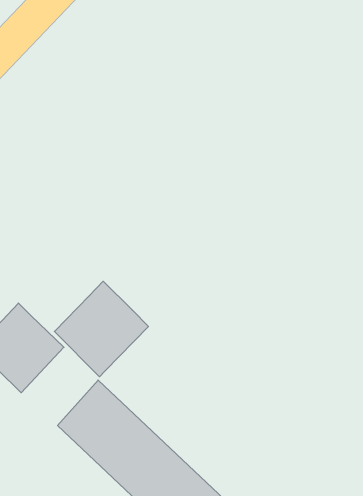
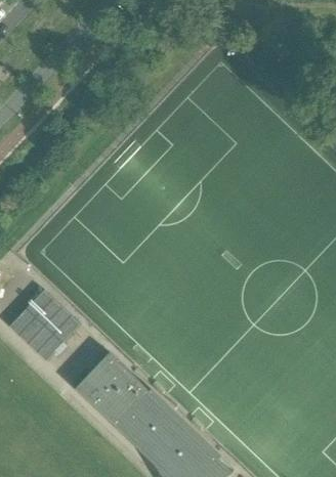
building: [54,281,148,377] -> none

